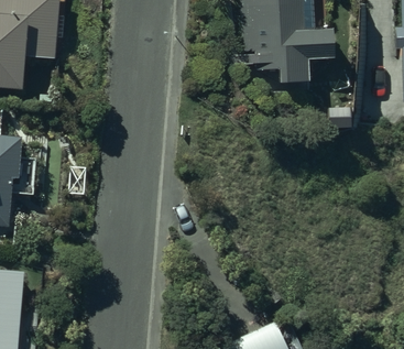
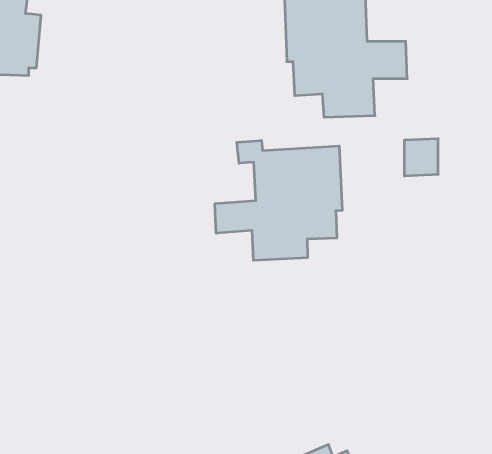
building: none -> [215,140,342,260]

